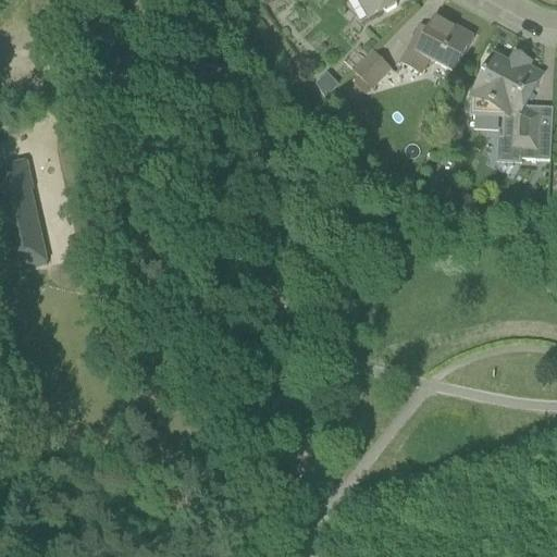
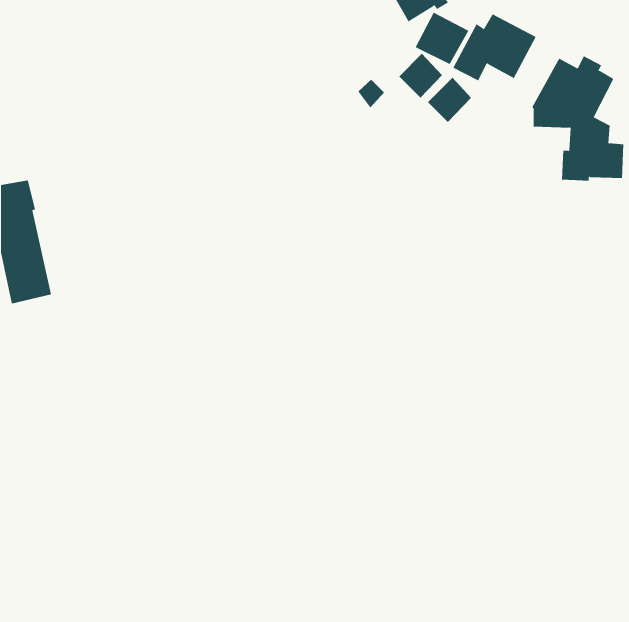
building: none -> [415,12,469,65]
building: none -> [427,77,472,123]

